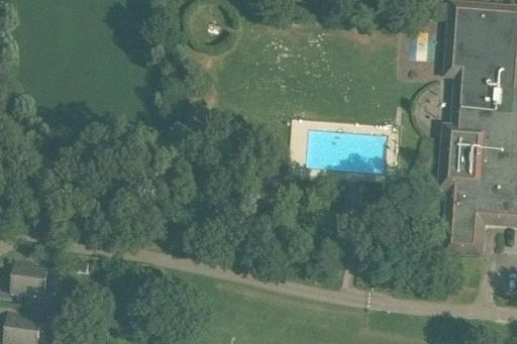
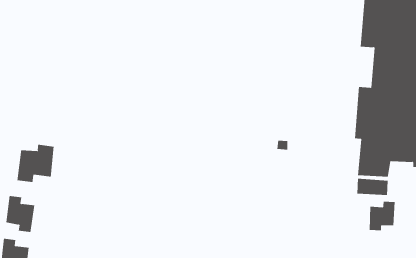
building: none -> [17,144,54,183]
building: none -> [369,201,395,231]

